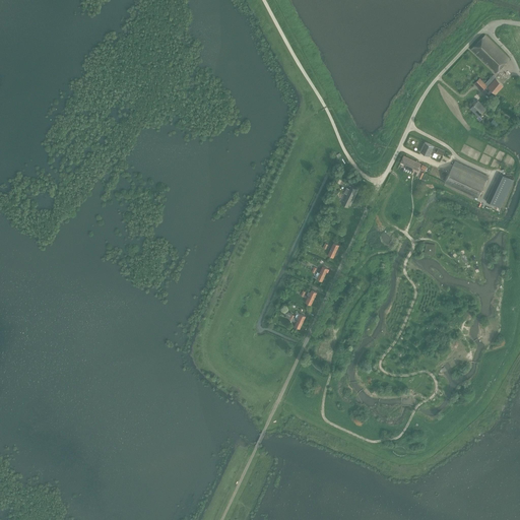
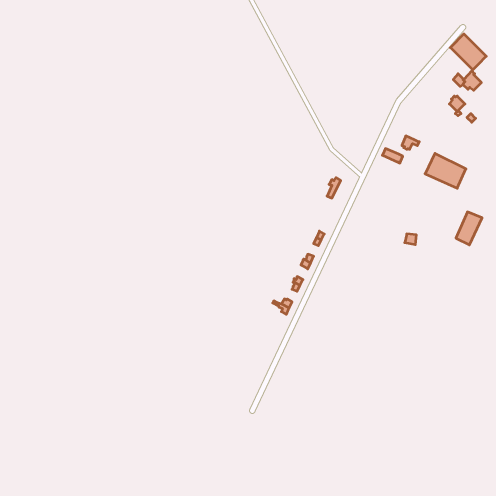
building: [486,174,514,208] -> [456,212,482,245]

